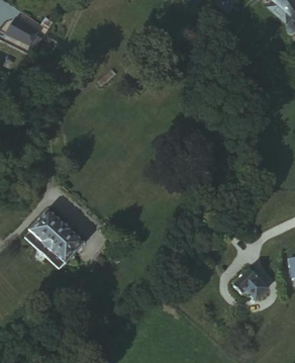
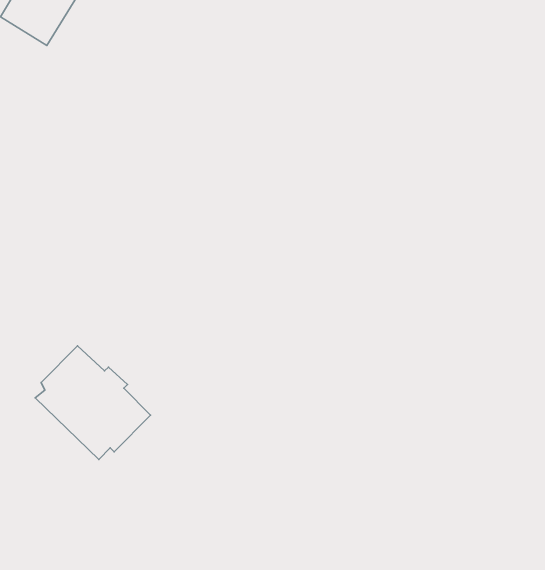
building: [238,269,271,300] -> none

